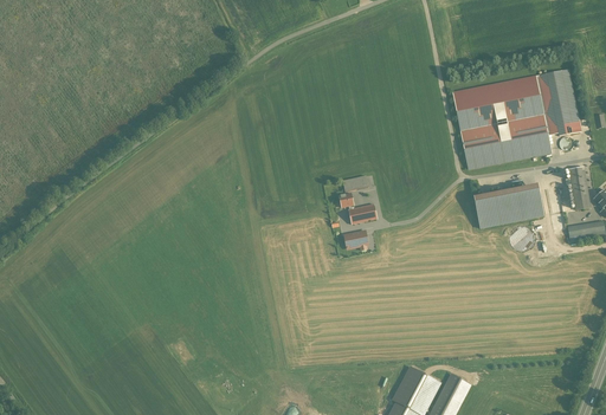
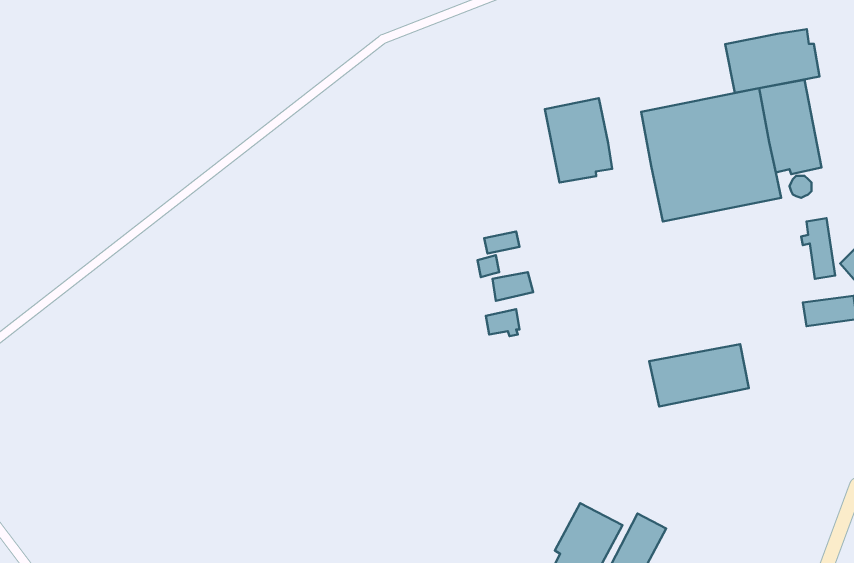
building: none -> [725,29,819,93]
building: none -> [545,98,612,183]
building: [472,184,542,228] -> [649,344,749,407]

